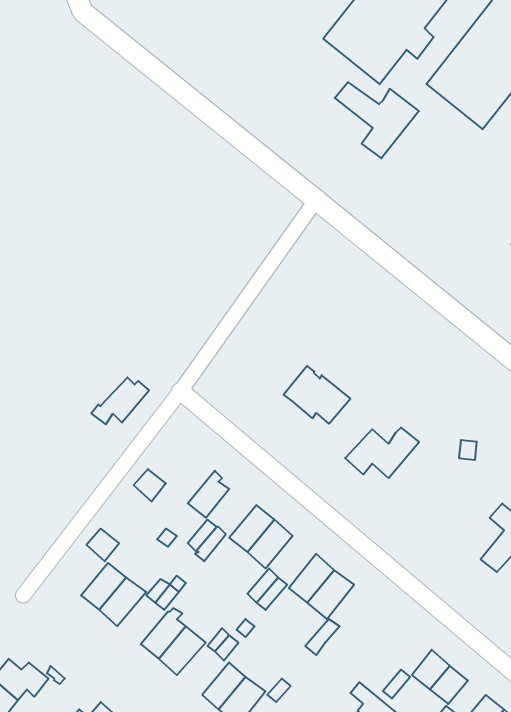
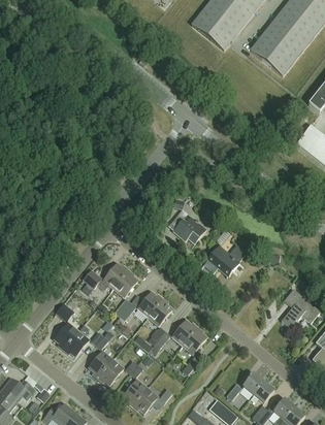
building: [335,82,419,158] -> none
building: [91,377,149,424] -> [96,263,129,290]

